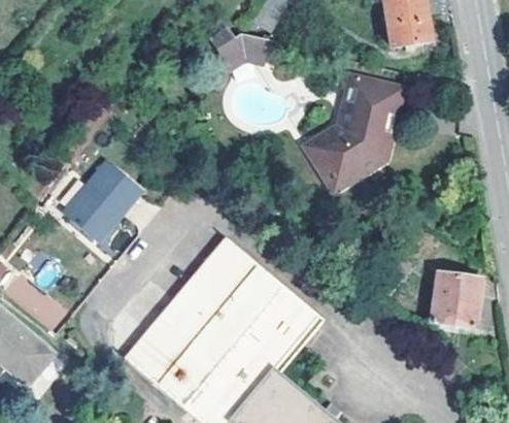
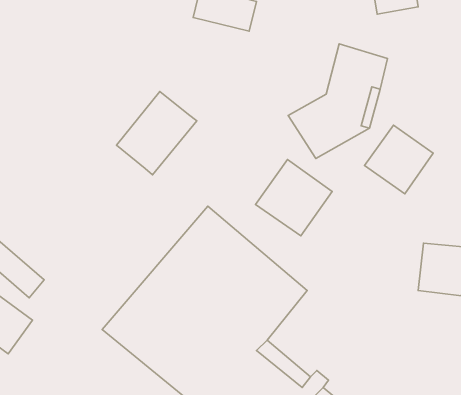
building: none -> [364,125,433,194]
building: [62,163,140,245] -> [116,91,197,175]
building: none -> [256,159,332,236]

